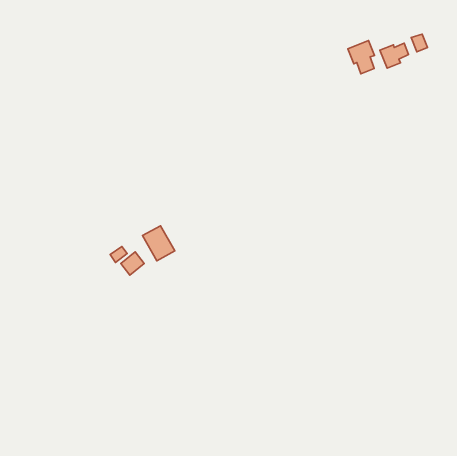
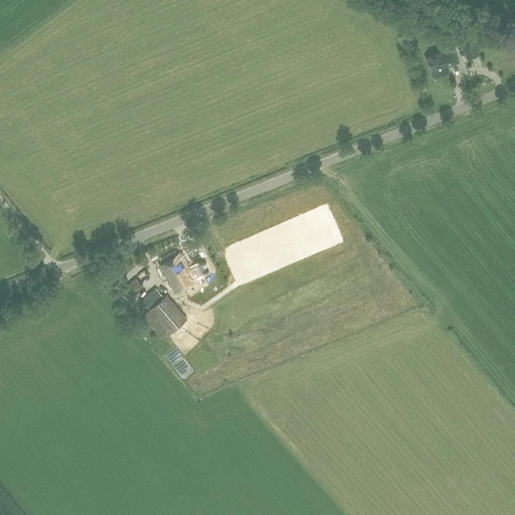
building: [348,41,375,74] -> none
building: none -> [151,297,188,335]

